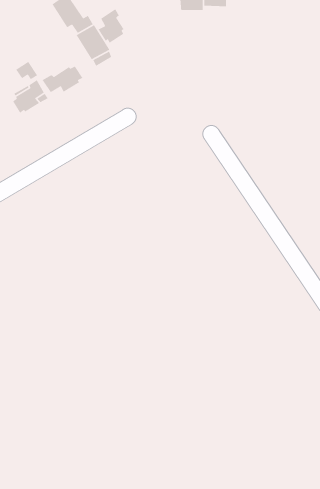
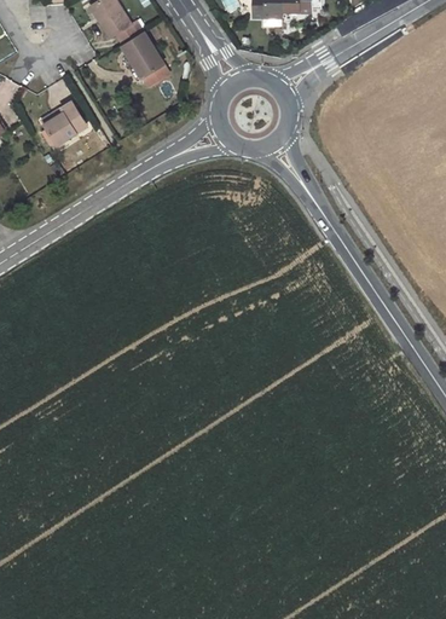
building: [98,8,125,44] -> none
building: [42,65,83,93] -> none

